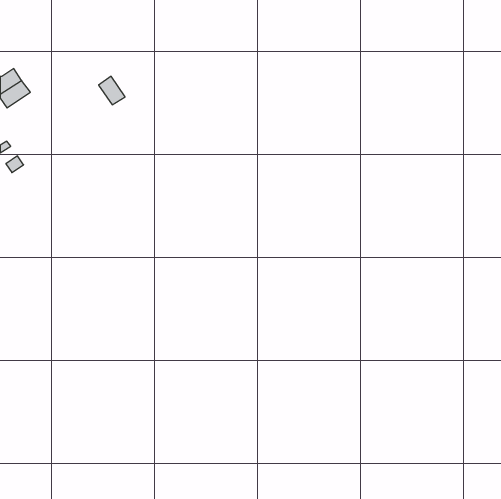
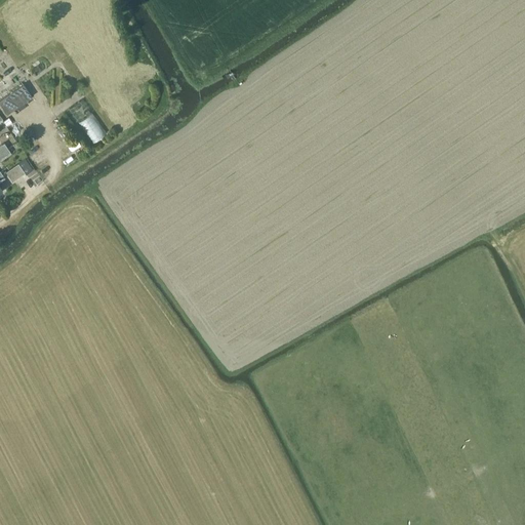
building: [99,76,125,105] -> [79,113,107,143]

